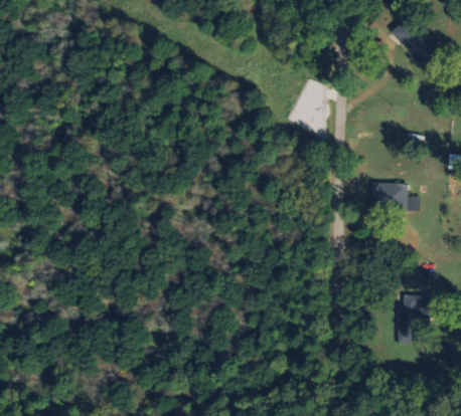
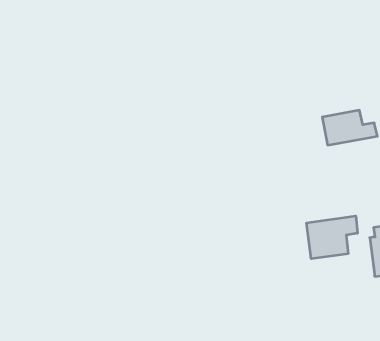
building: none -> [307,216,357,259]

